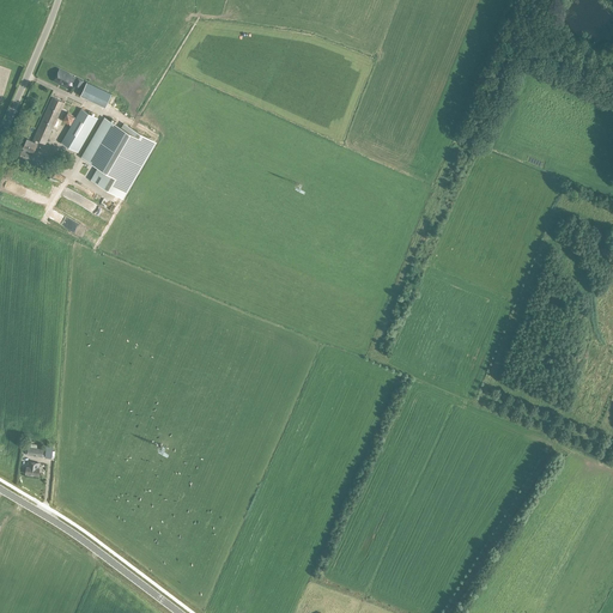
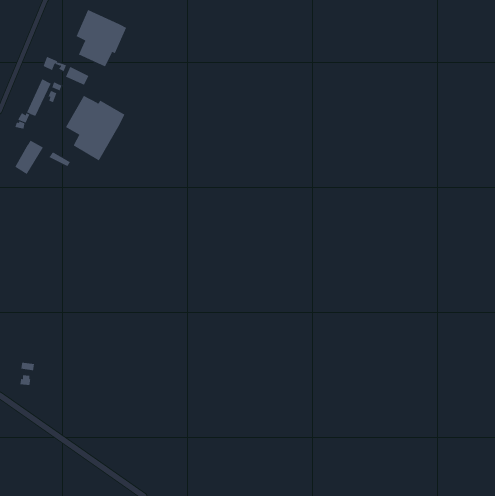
building: none -> [76,9,127,67]
building: [61,109,97,152] -> [15,140,44,175]

